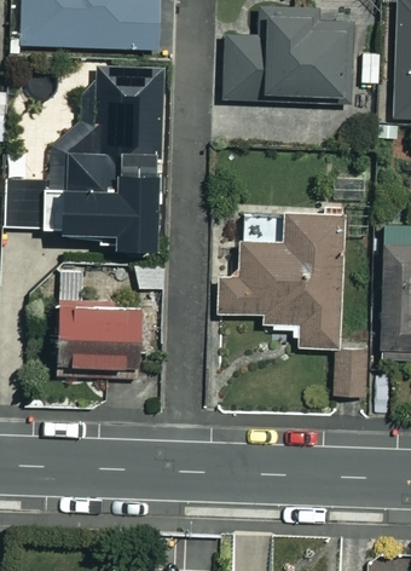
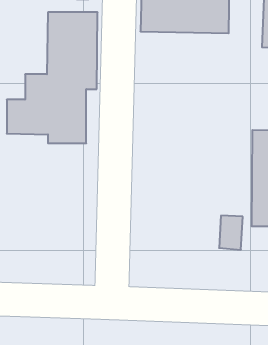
building: [220,213,341,348] -> none
building: [50,304,133,369] -> none

